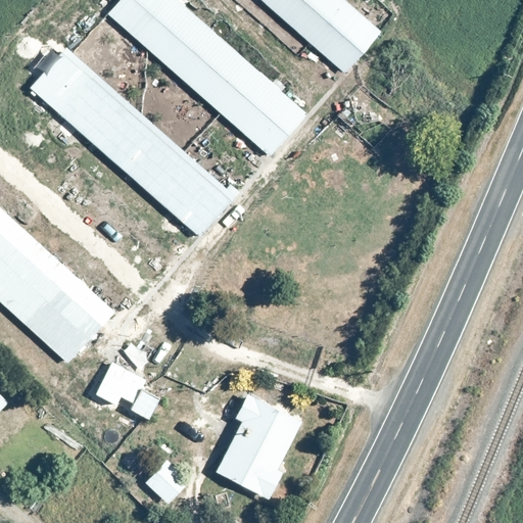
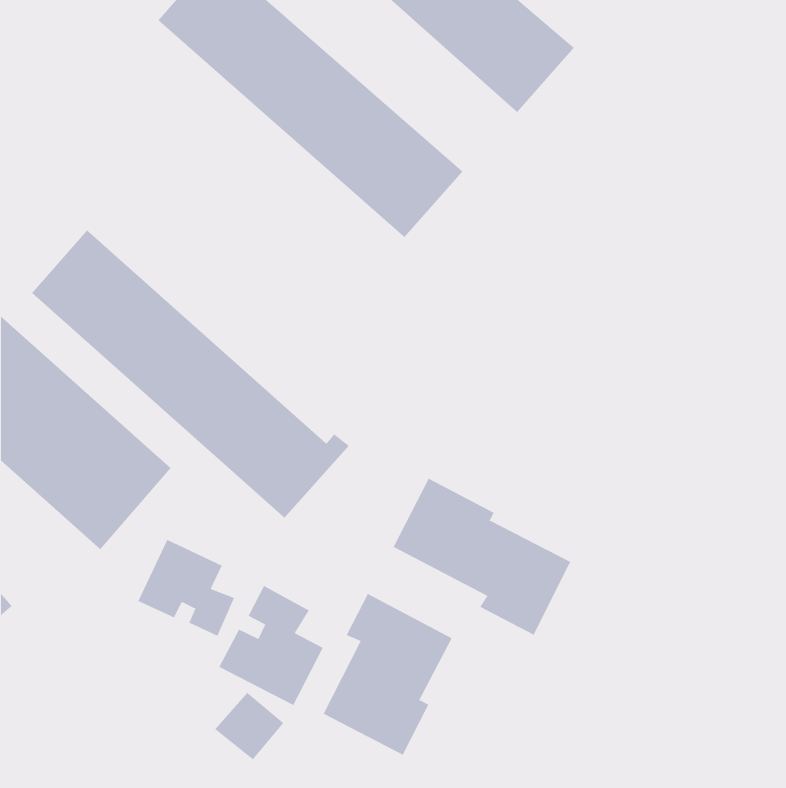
building: [30,47,240,238] -> [31,229,349,518]
building: none -> [393,478,571,635]
building: none -> [218,585,323,706]

